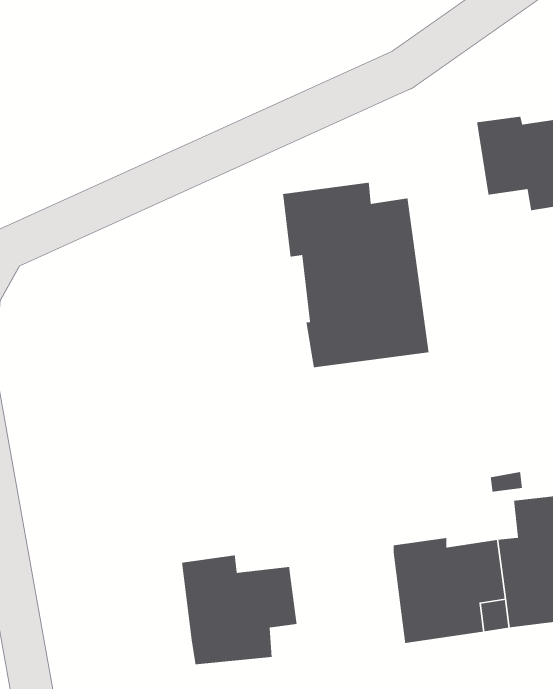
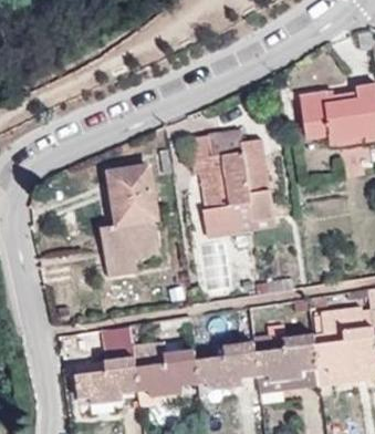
building: none -> [100,165,160,277]
building: none -> [195,342,257,390]
building: none -> [75,344,137,404]

